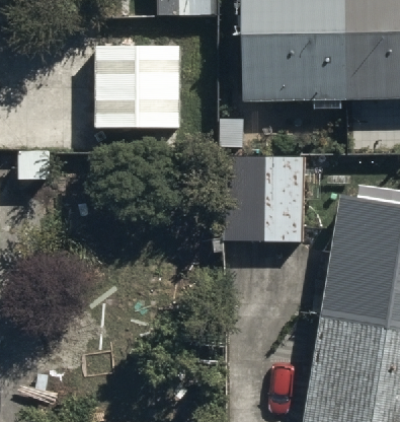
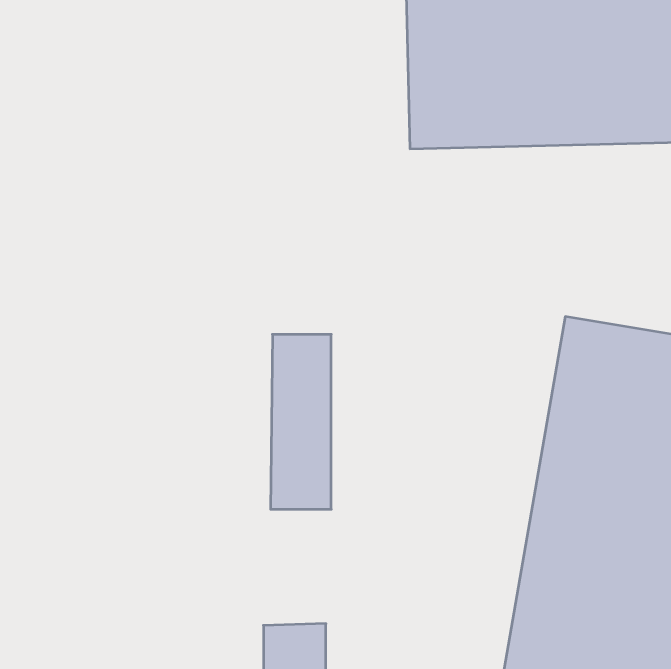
building: [92,48,178,144] -> none
building: [224,158,308,239] -> none

